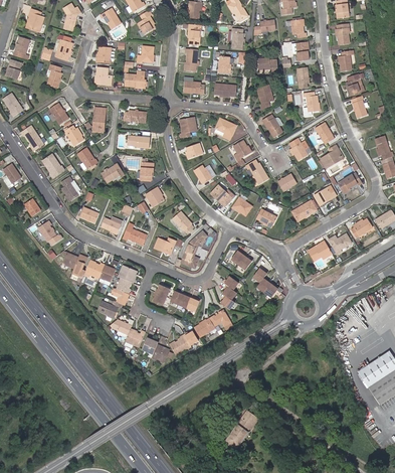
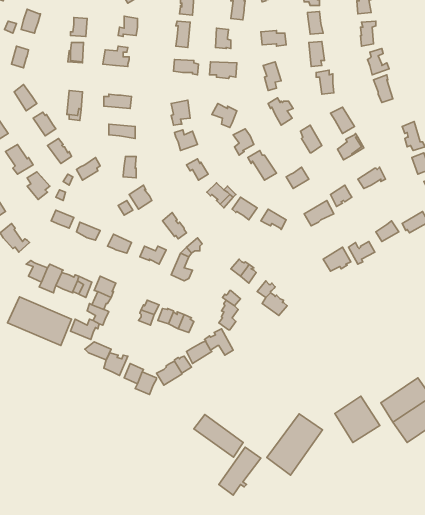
building: none -> [7,297,71,345]
building: none -> [335,396,380,443]
building: none -> [267,414,323,475]
building: none -> [194,414,243,457]

